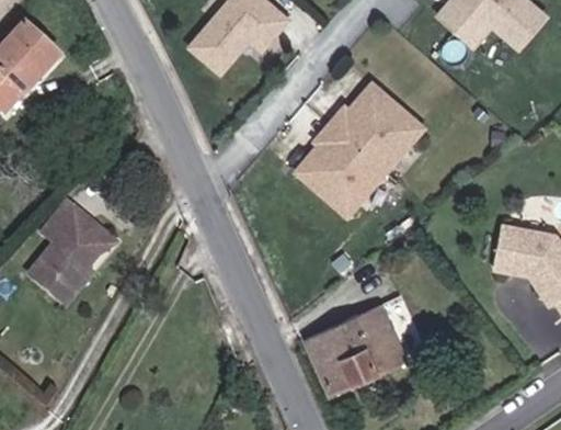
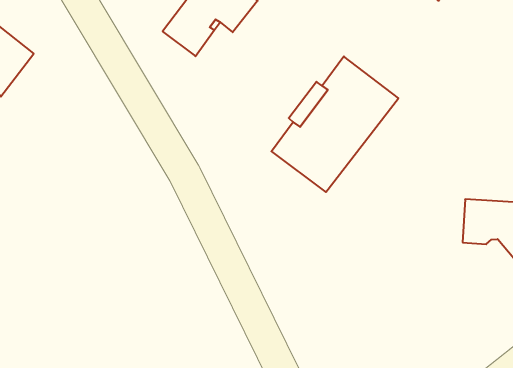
building: [35,208,101,305] -> none
building: [307,295,408,388] -> none

